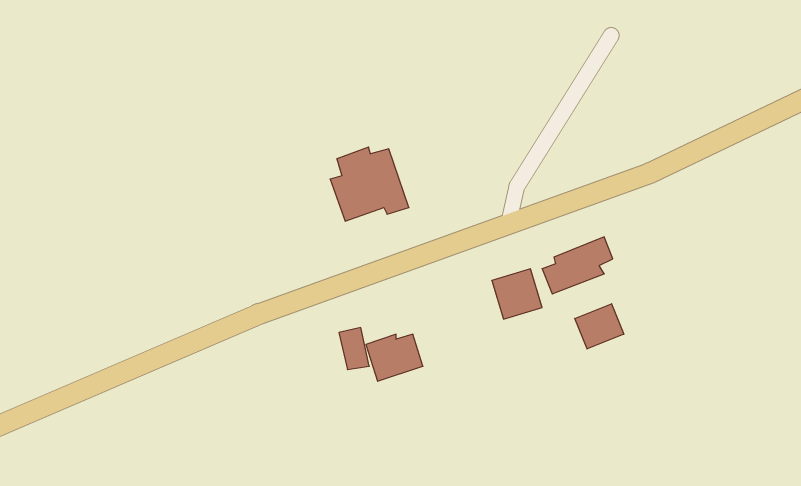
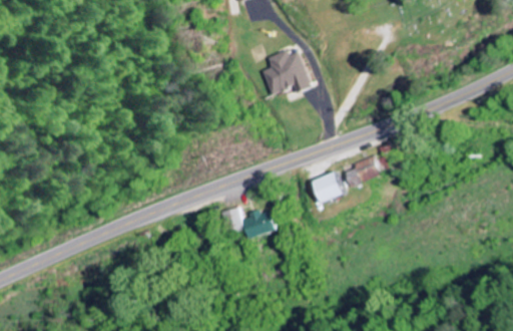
building: [330,147,409,221] -> [263,50,310,94]
building: [575,304,624,349] -> none

